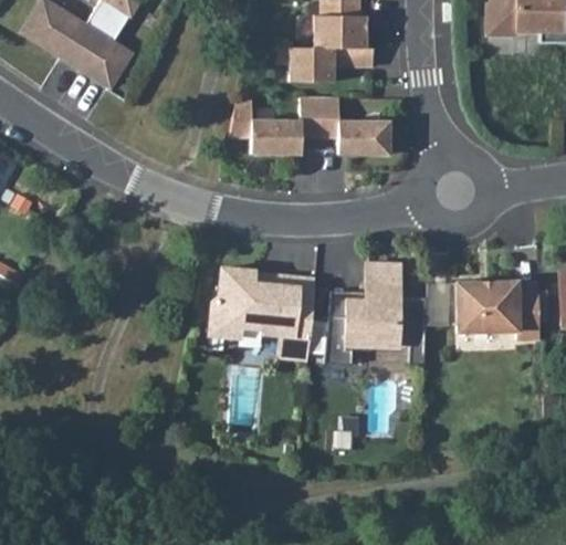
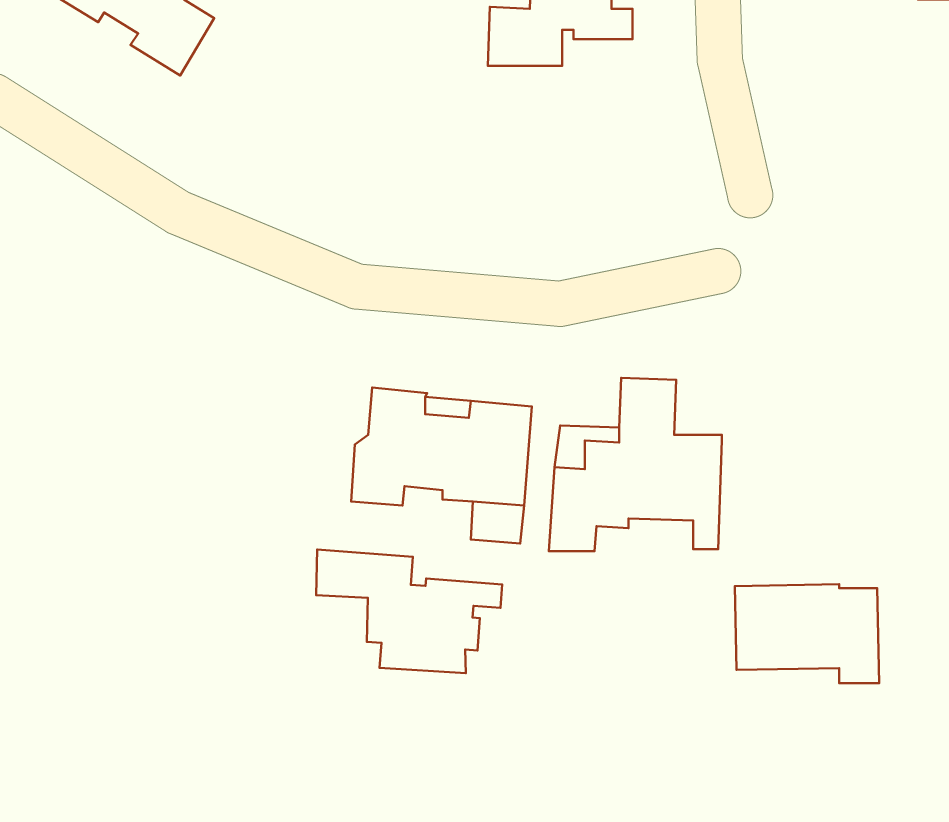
building: [229,98,388,155] -> none
building: [455,282,539,339] -> [735,584,879,683]
building: none -> [316,550,502,673]

